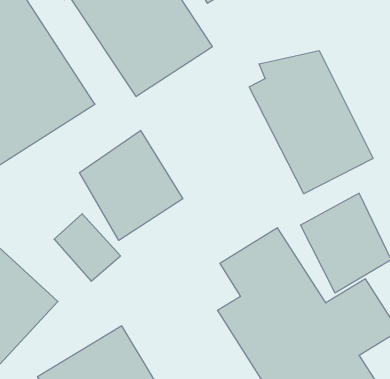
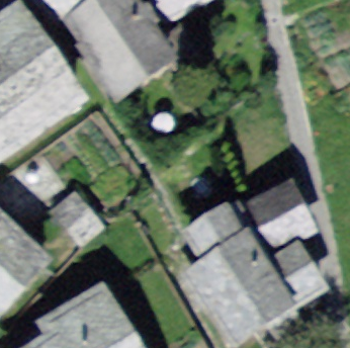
building: [249,51,373,194] -> none
building: [80,130,183,240] -> none

